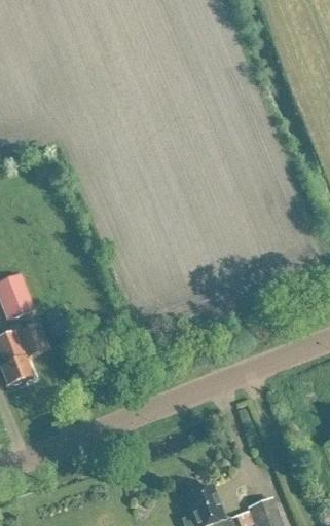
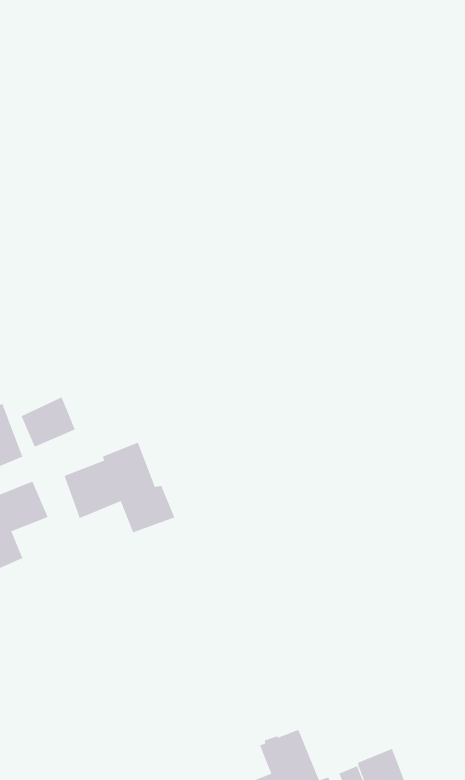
building: none -> [21,396,76,447]
building: none -> [64,442,175,533]

